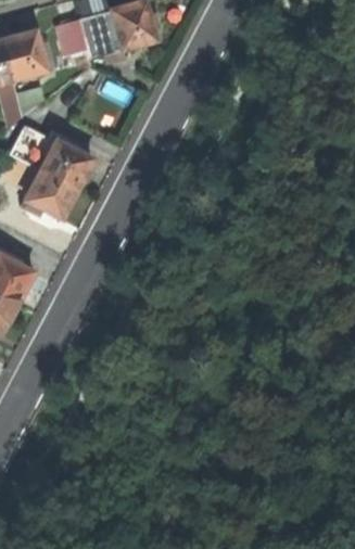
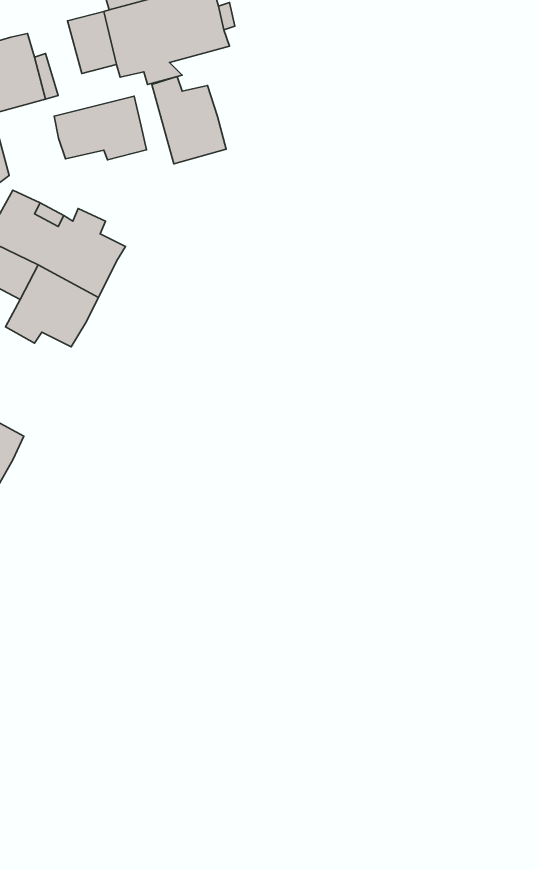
building: none -> [152,77,226,164]
building: none -> [54,96,147,160]

